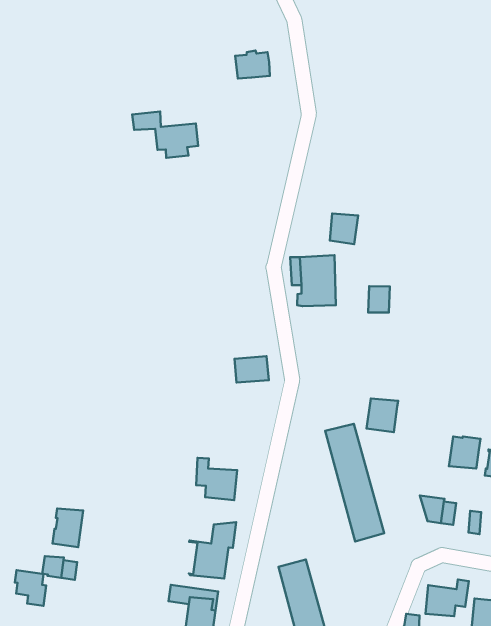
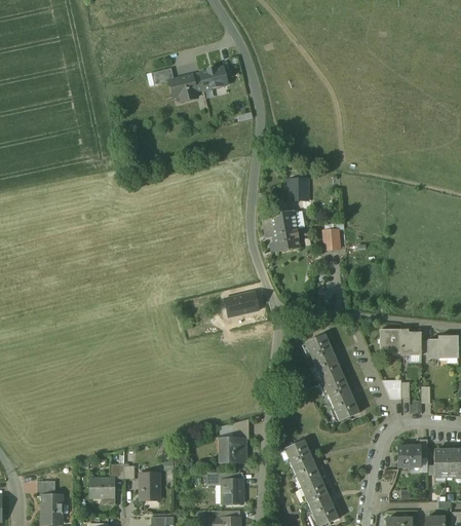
building: [132,112,198,158] -> [151,68,203,102]
building: [367,399,398,432] -> [380,329,400,352]
building: [196,458,237,500] -> none
building: [52,508,83,547] -> [140,473,159,500]

